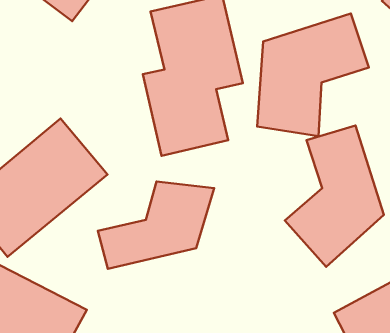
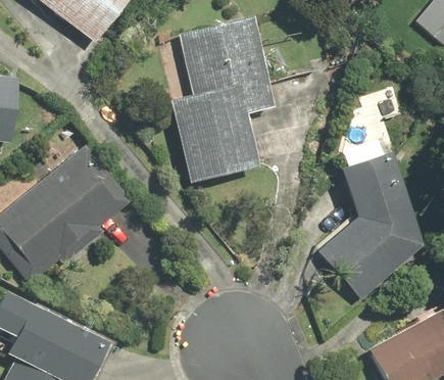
building: [257,14,369,136] -> none
building: [98,182,214,269] -> none

